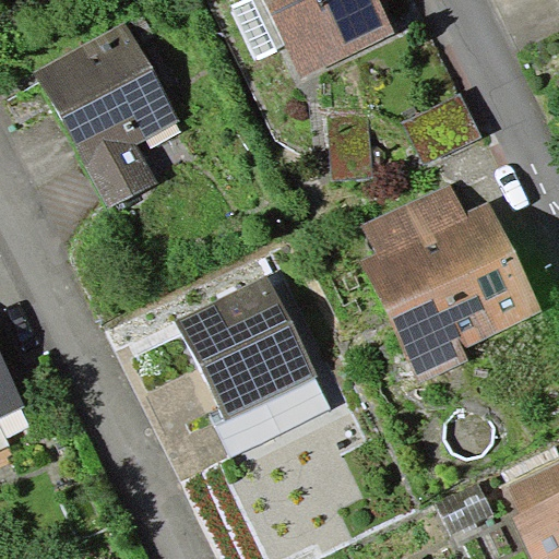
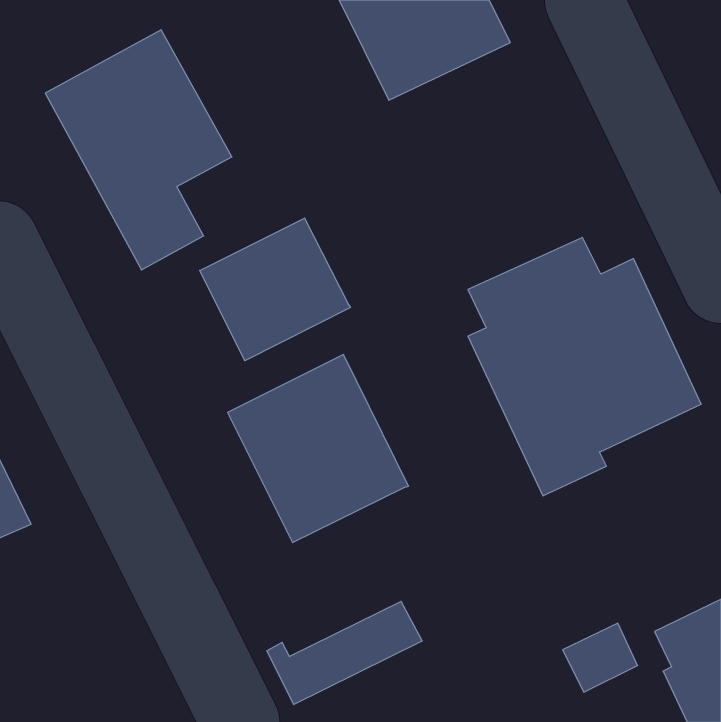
building: none -> [200,218,350,361]
building: [209,377,329,456] -> [267,601,422,705]

